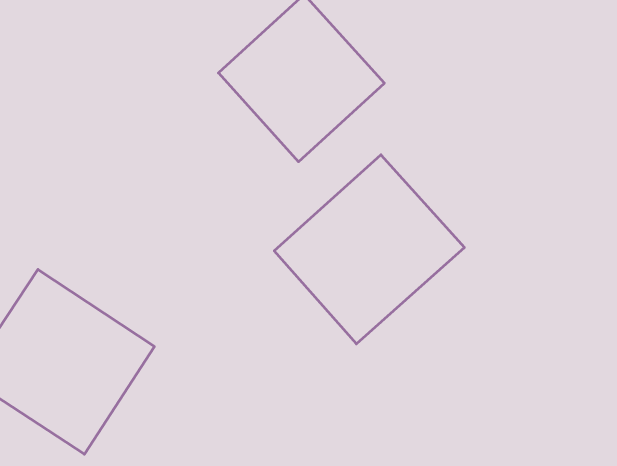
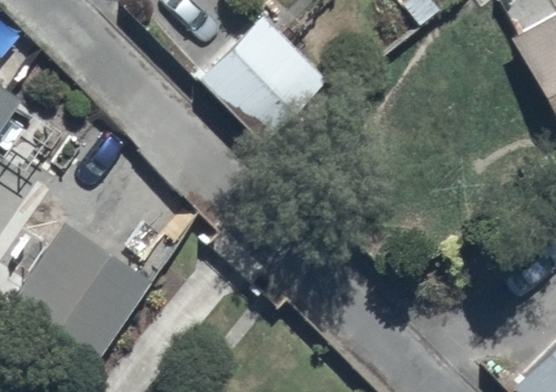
building: [274,155,464,344] -> none

